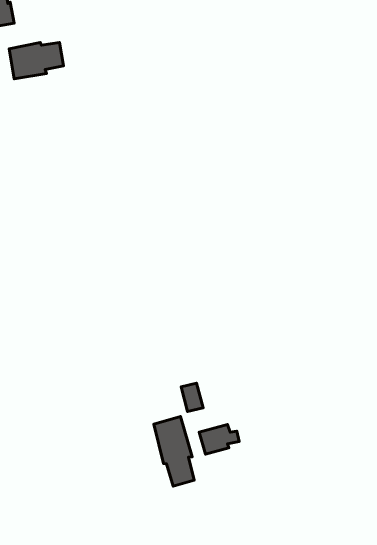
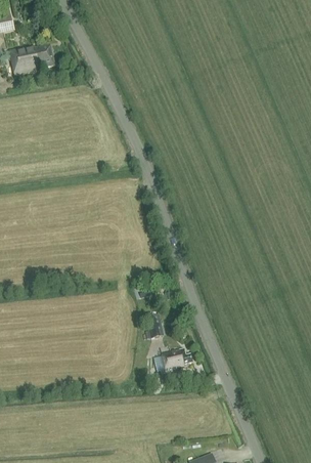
building: [154,417,194,486] -> none

